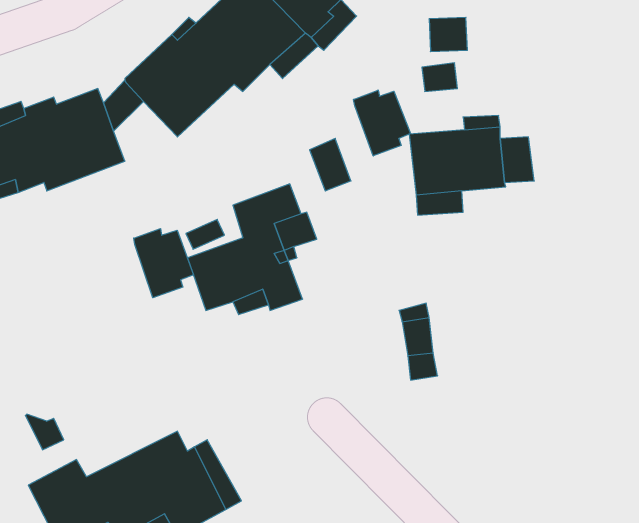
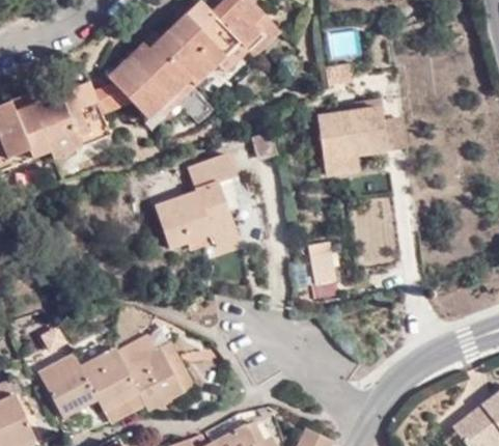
building: [354,90,410,156] -> none
building: [134,229,193,298] -> none

